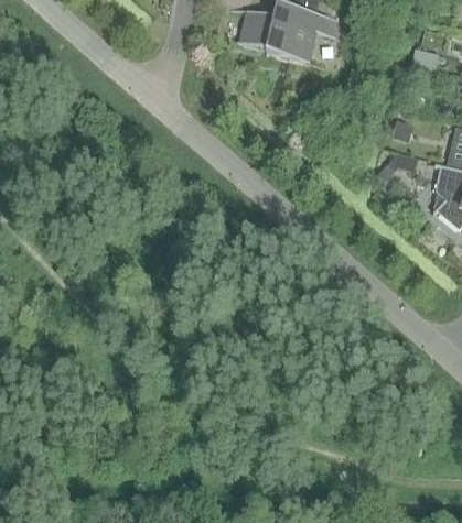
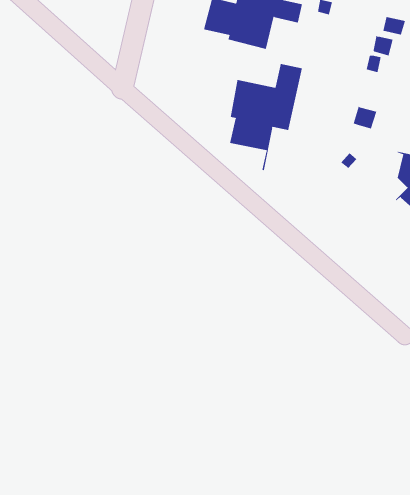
building: none -> [230,63,303,171]

